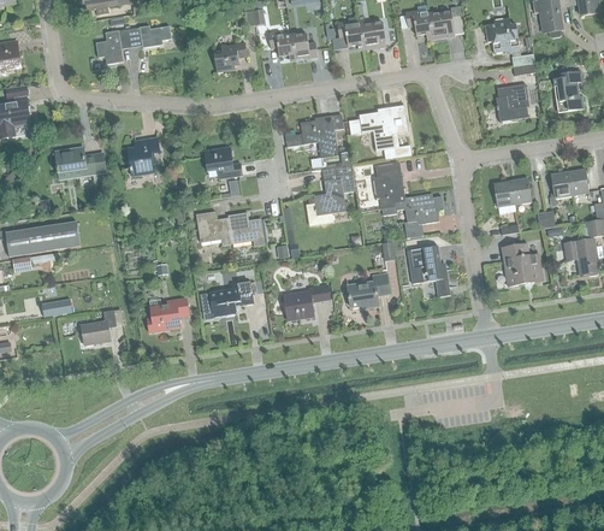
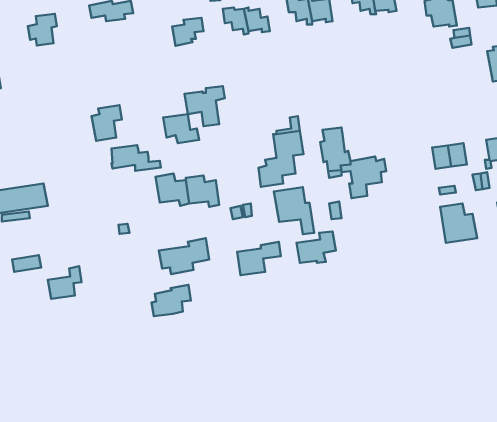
building: [96,29,128,63] -> [28,14,57,45]
building: [496,83,528,119] -> none
building: [349,101,408,158] -> none
building: [301,113,344,157] -> [185,86,225,126]
building: [55,147,108,175] -> [111,145,161,171]
building: [407,244,450,295] -> [274,187,314,234]
building: [147,297,189,331] -> [152,285,191,316]

